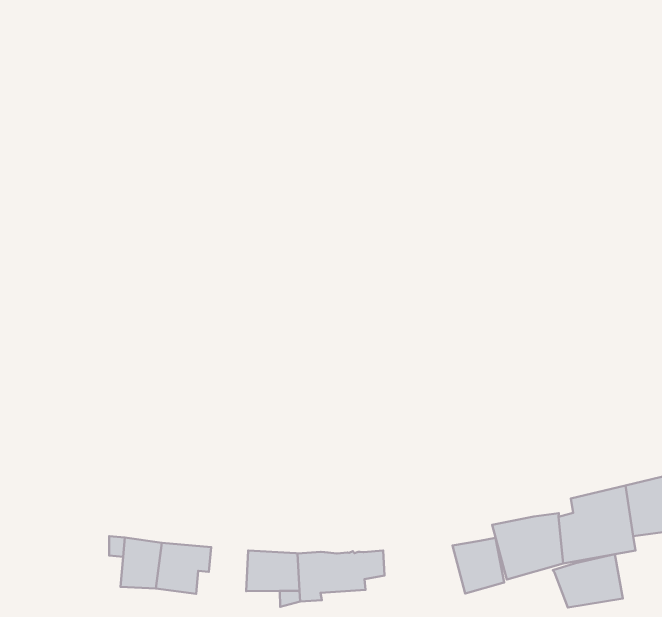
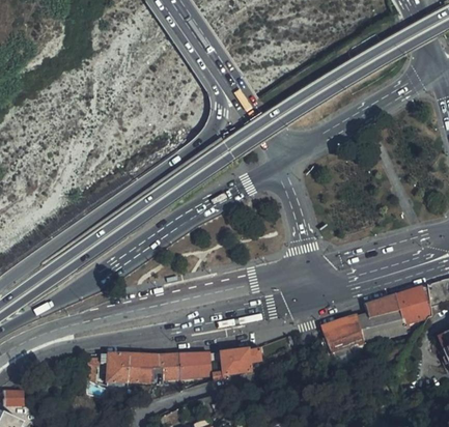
building: [452,538,504,593] -> none
building: none -> [159,353,181,379]
building: [553,554,623,608] -> none

